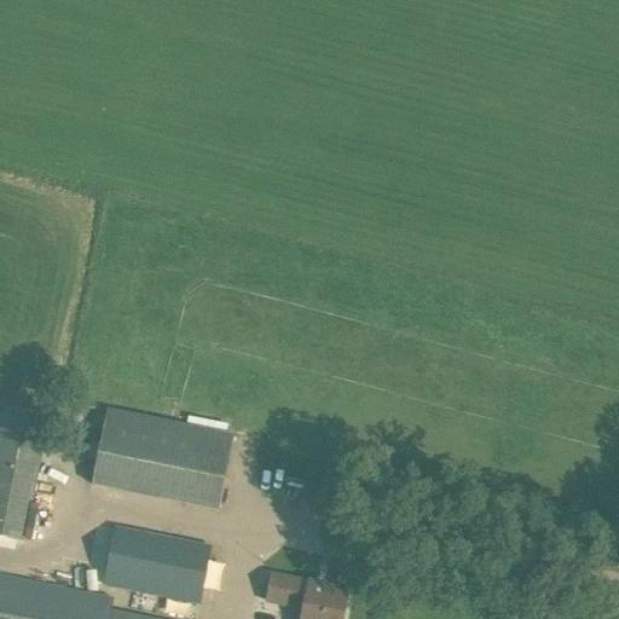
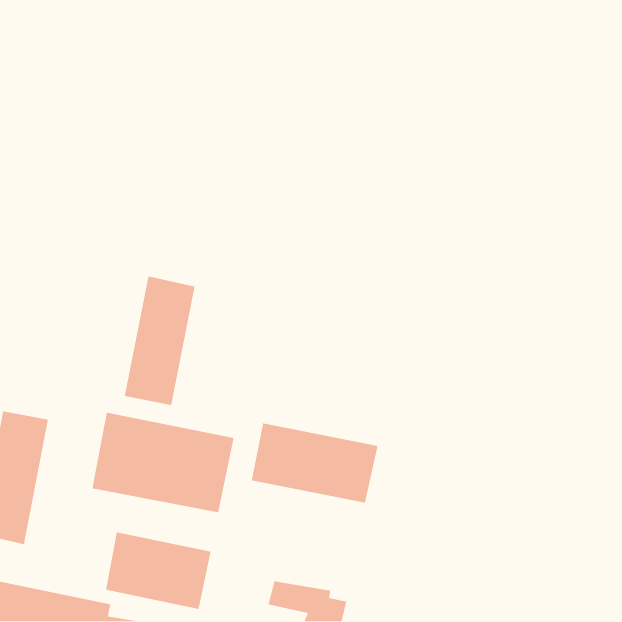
building: none -> [124,275,196,406]
building: none -> [251,422,378,503]

